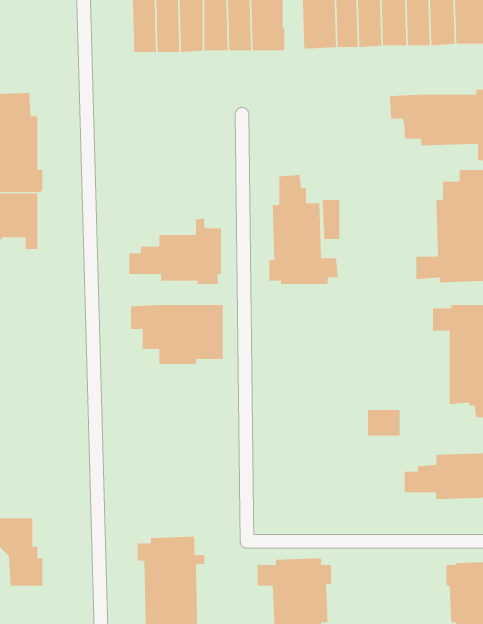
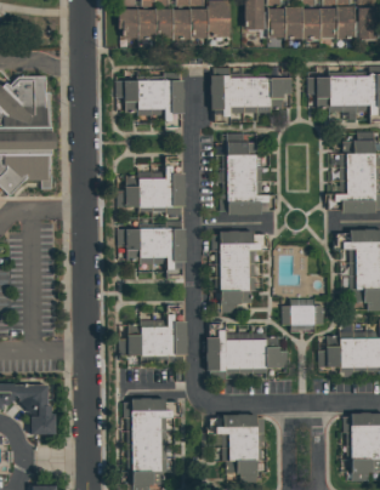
building: none -> [210,74,291,115]
building: none -> [115,80,183,114]
building: none -> [211,229,260,312]
building: none -> [118,313,187,354]
building: none -> [206,329,289,378]

